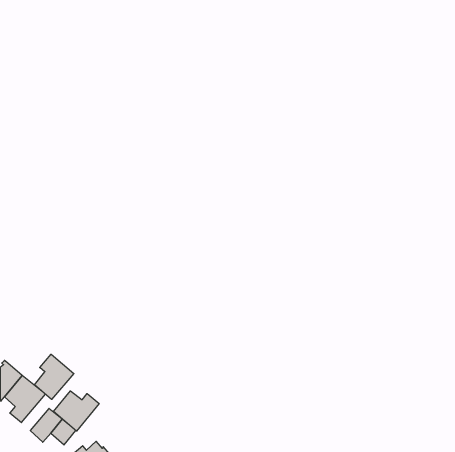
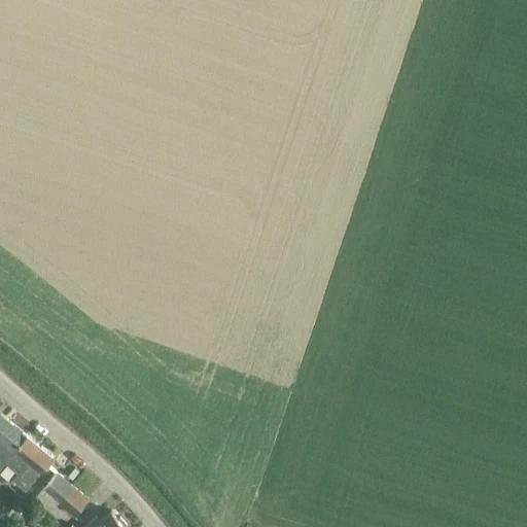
building: [35,354,74,399] -> none
building: [53,391,99,431] -> none

